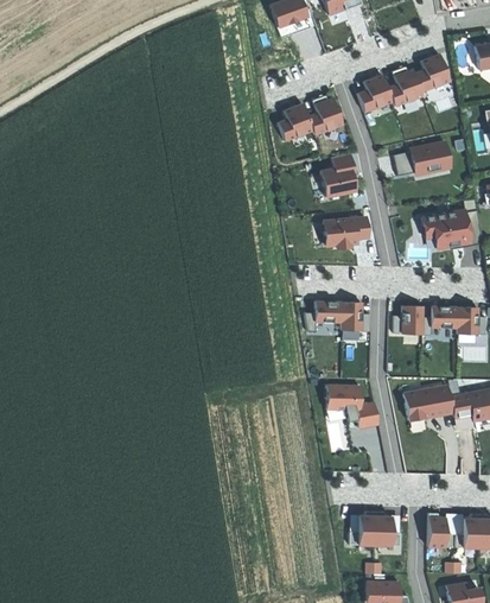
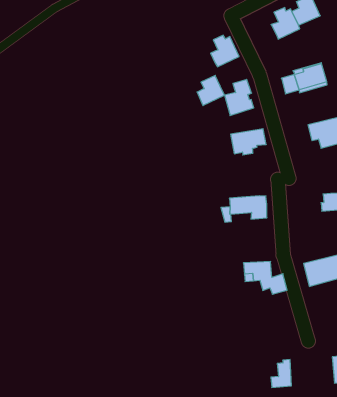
building: [357,75,393,112] -> none
building: [278,103,312,140] -> [197,75,225,106]
building: [402,305,422,334] -> none
building: [374,512,400,545] -> none

